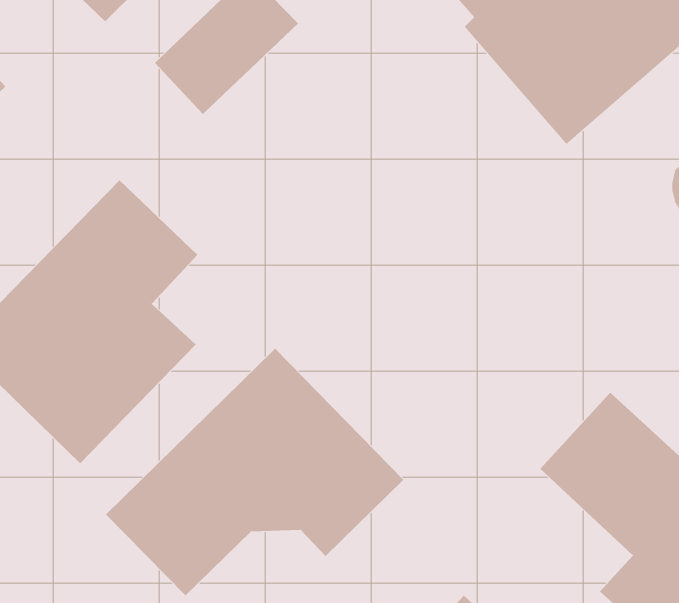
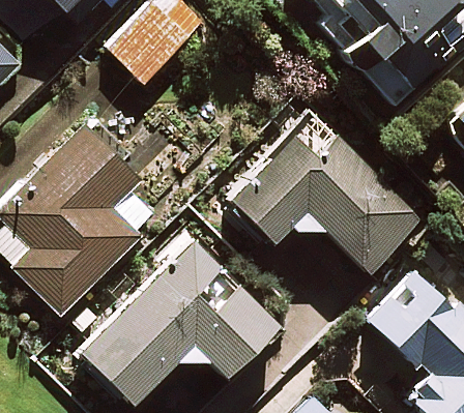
building: none -> [230,113,419,270]

